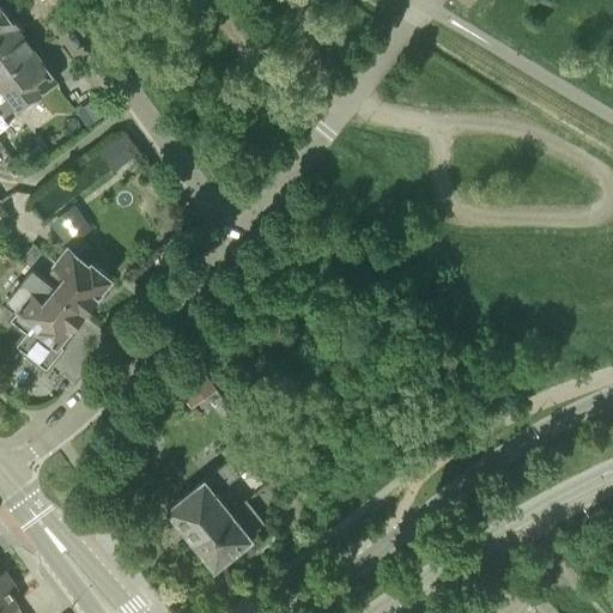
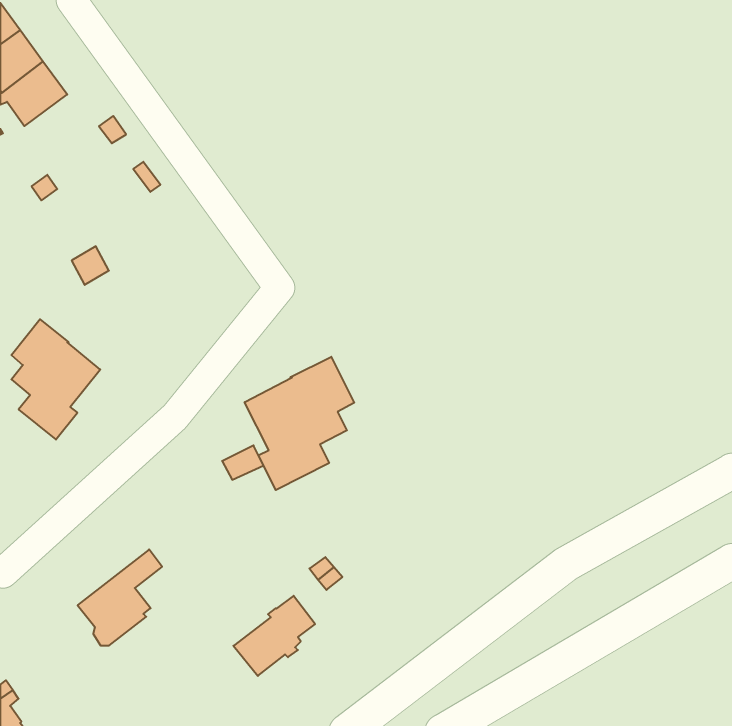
building: [22,242,111,314] -> none
building: none -> [245,357,354,490]
building: [169,465,239,545] -> [78,549,162,645]

